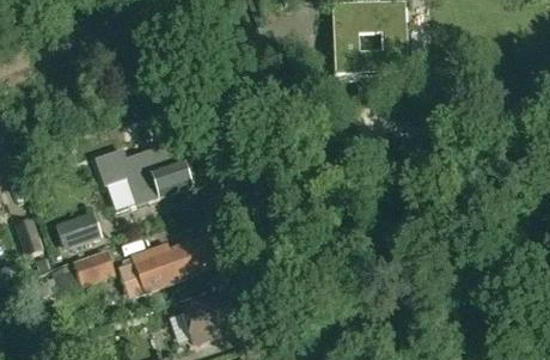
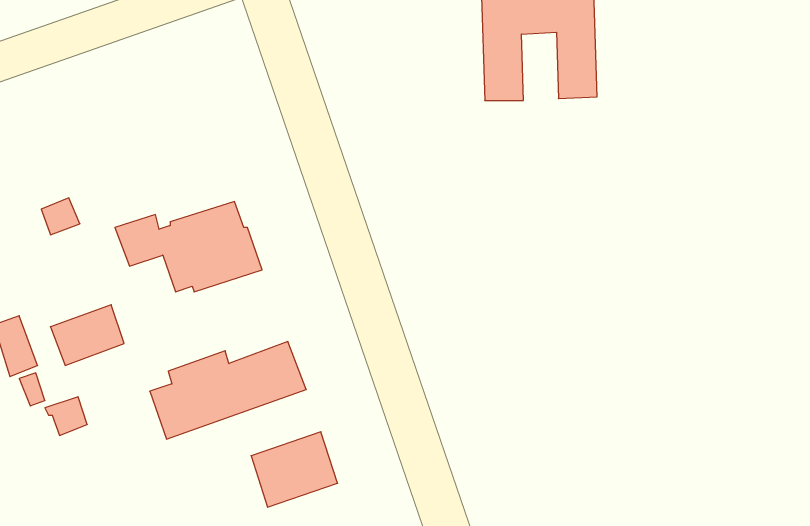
building: [74,249,116,286] -> none

